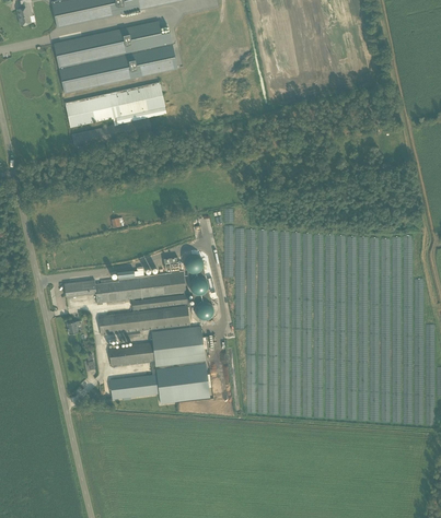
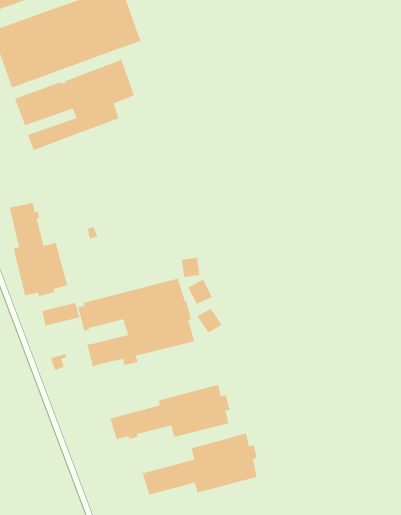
building: none -> [9,202,68,297]
building: [107,325,206,369] -> [142,433,258,496]

